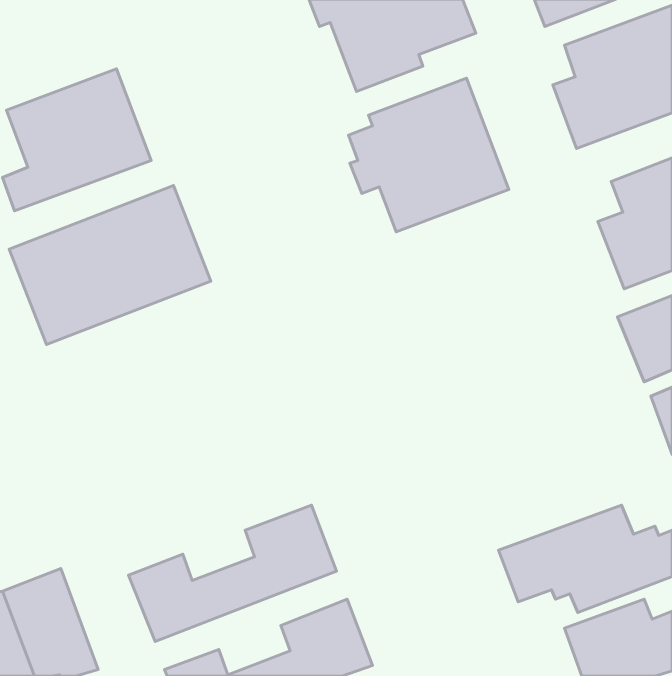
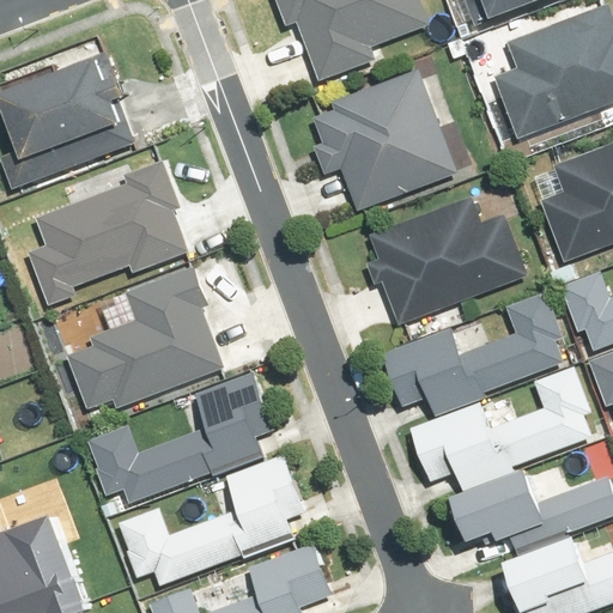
building: none -> [366,196,532,323]
building: none -> [60,272,224,426]
building: none -> [380,292,568,415]
building: none -> [409,371,597,493]
building: none -> [80,383,268,506]

